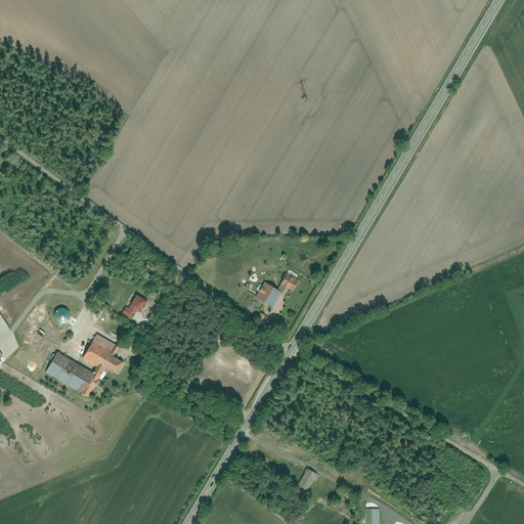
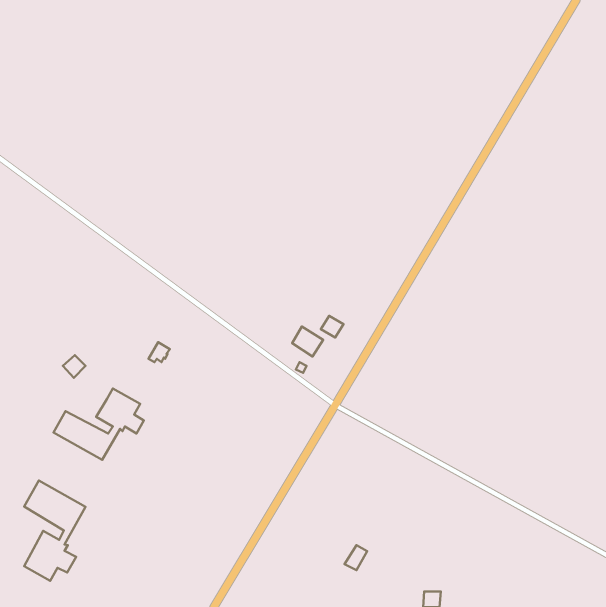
building: none -> [24,481,85,581]

